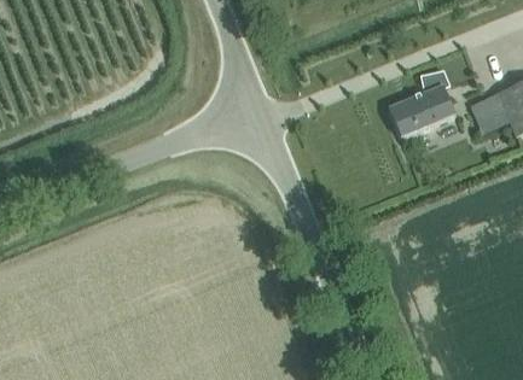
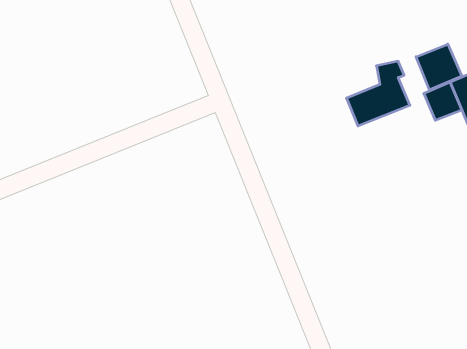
building: none -> [416,44,462,90]

